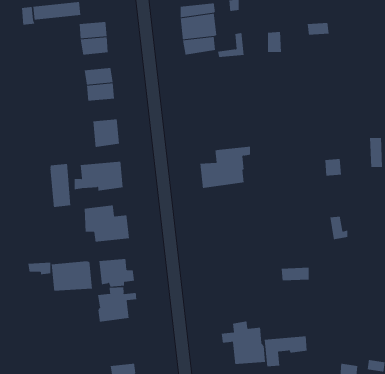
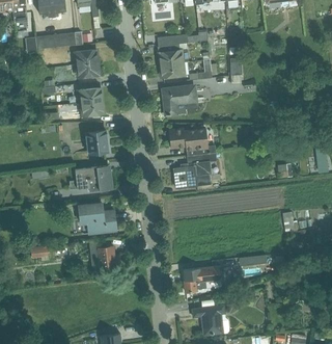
building: none -> [163,84,198,114]
building: none -> [169,128,217,156]
building: [50,163,71,208] -> none
building: [51,261,92,292] -> none
building: [98,286,137,322] -> none
building: [264,336,308,367] -> [184,266,220,292]

